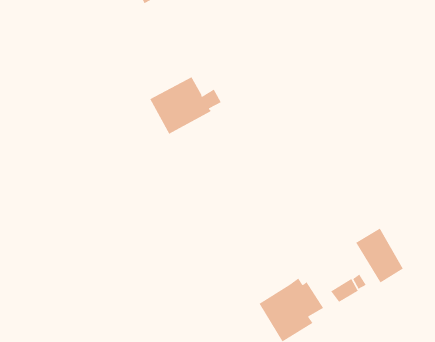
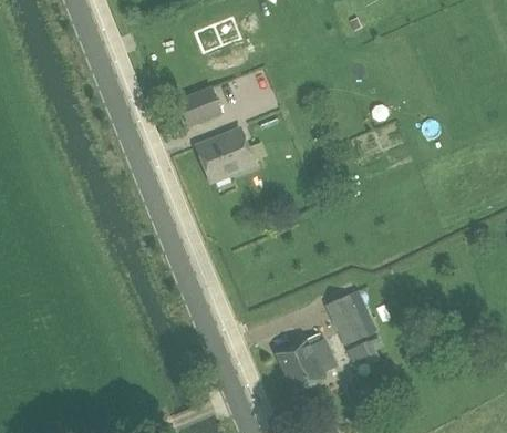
building: none -> [178,87,221,127]
building: [355,228,404,283] -> [325,292,369,346]

